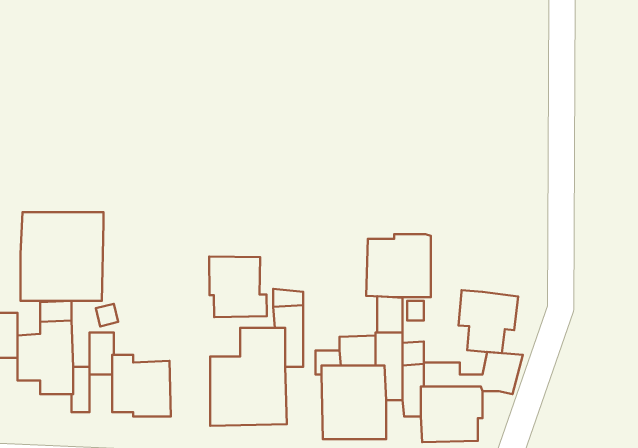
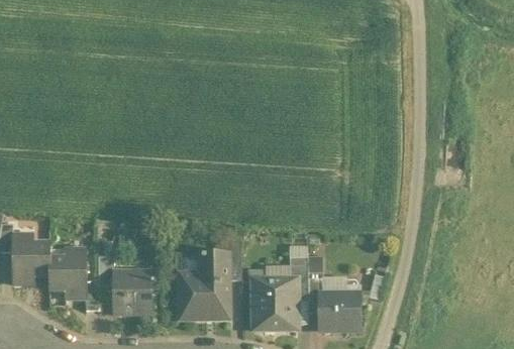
building: [20,212,104,301] -> none
building: [366,234,431,297] -> none
building: [209,256,267,317] -> none
building: [459,290,518,353] -> none

